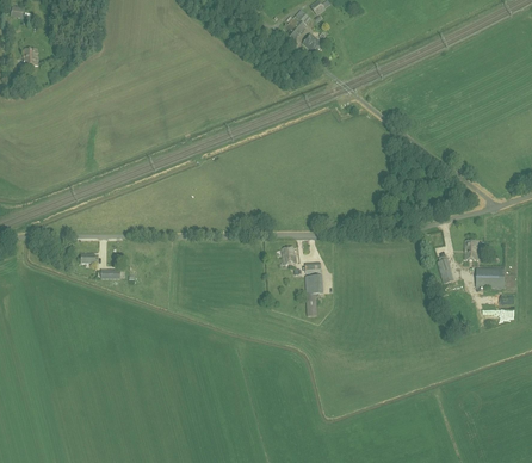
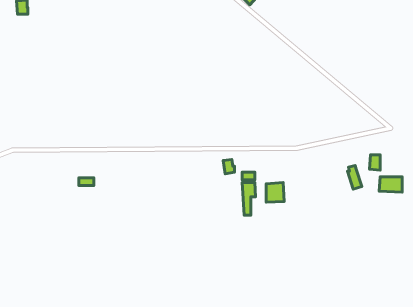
building: none -> [266,182,284,202]

